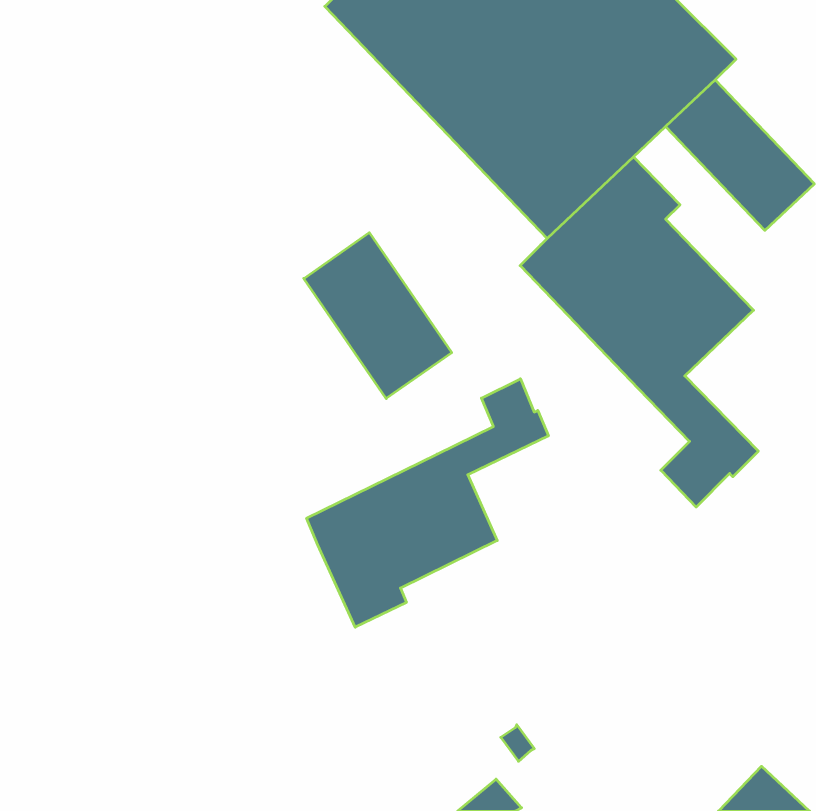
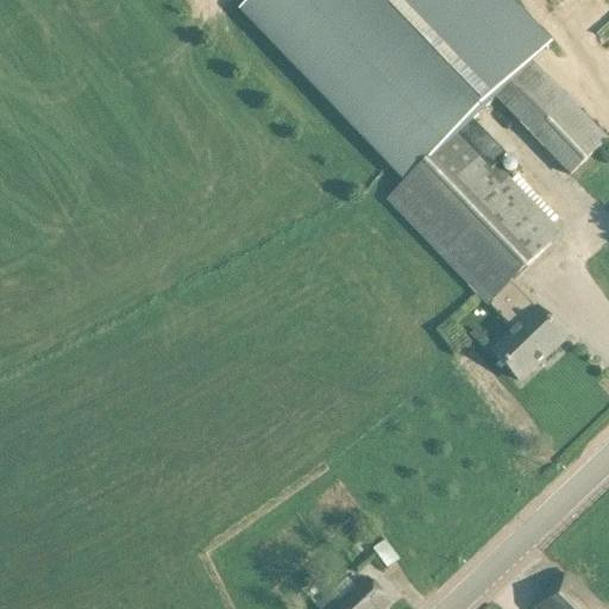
building: [304,233,452,399] -> none
building: [307,379,548,627] -> none

